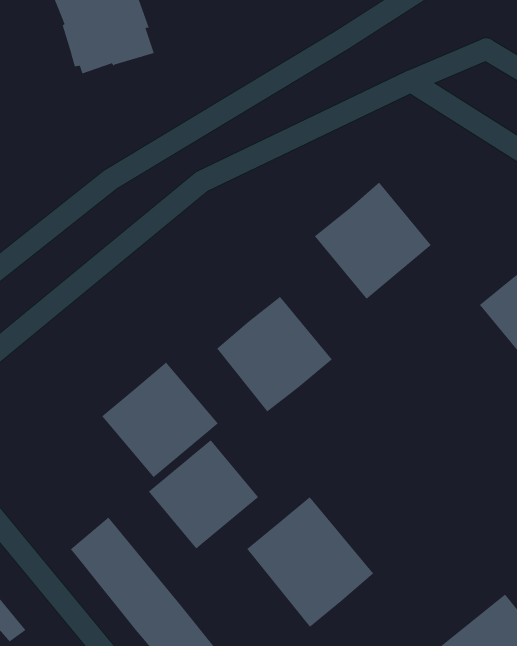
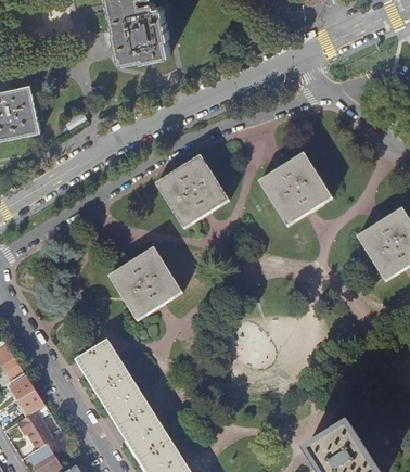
building: [216,296,333,413] -> [155,155,228,228]
building: [148,439,259,549] -> none
building: [246,496,374,628] -> none

